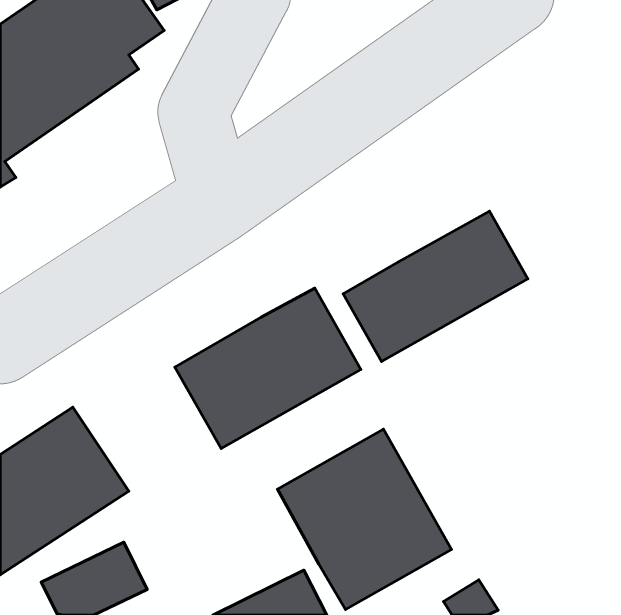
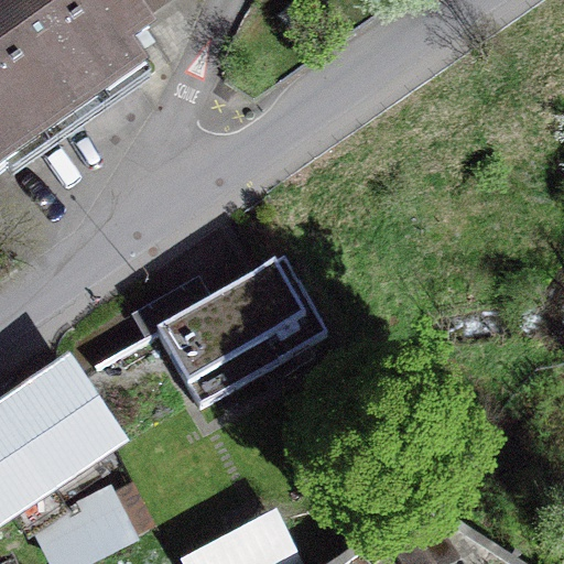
building: [343,211,528,362] -> none
building: [278,429,452,609] -> none

